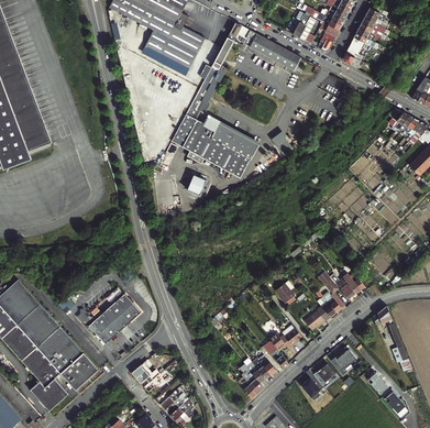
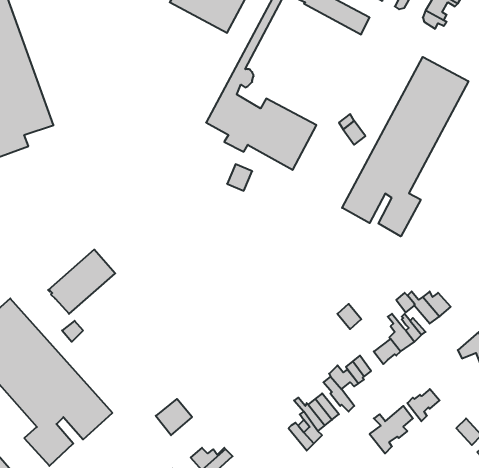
building: none -> [342,57,468,236]
building: [89,294,142,344] -> [48,250,115,314]

